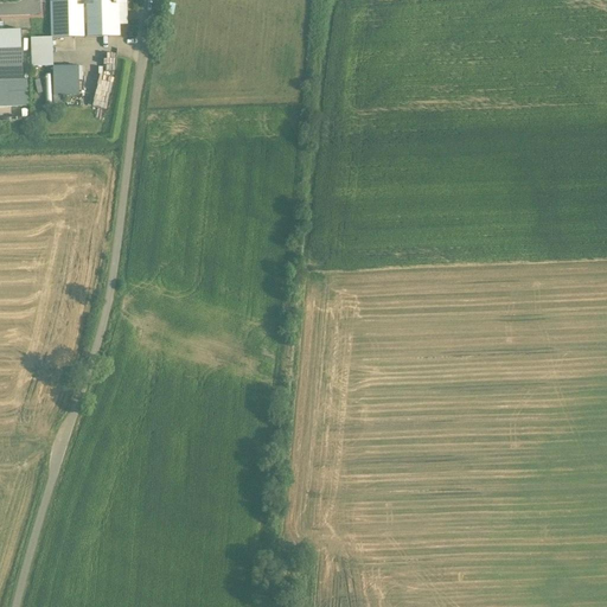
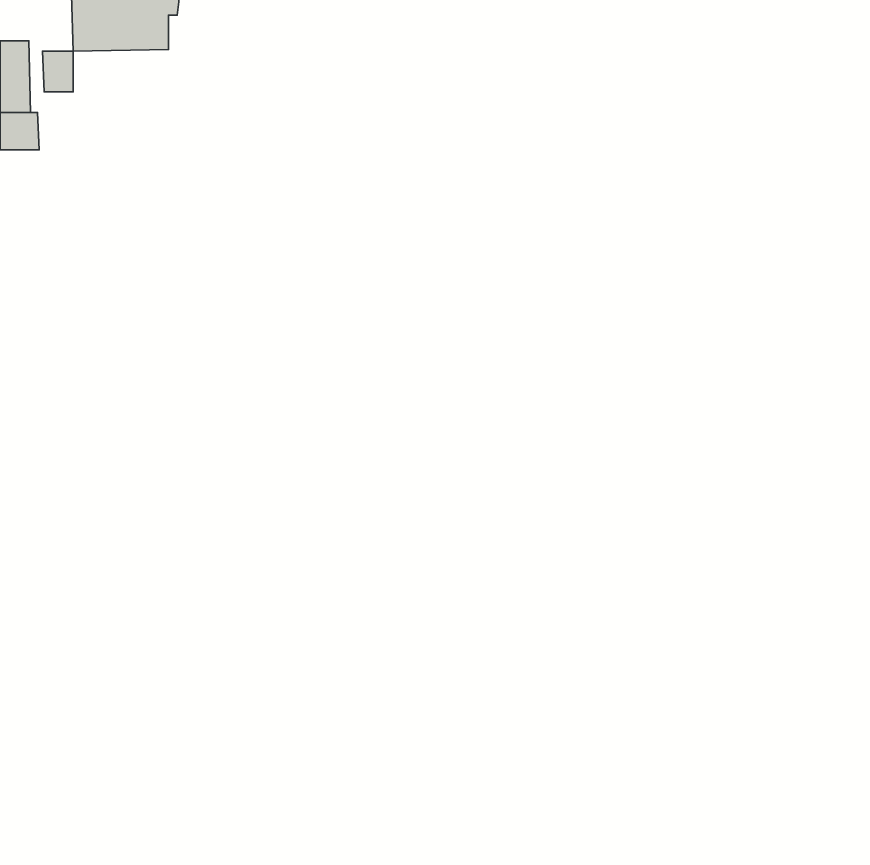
building: [52,64,78,94] -> none

